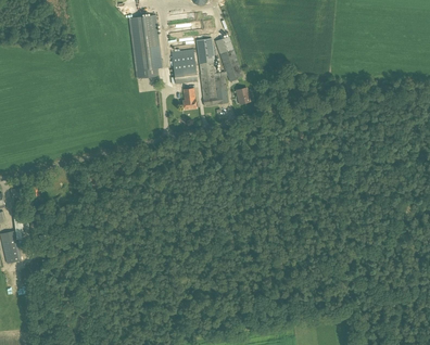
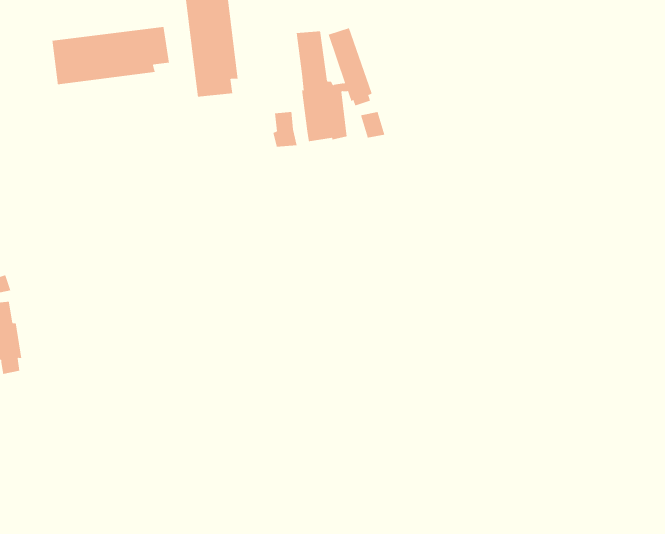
building: none -> [52,26,170,85]
building: [170,48,197,84] -> none

